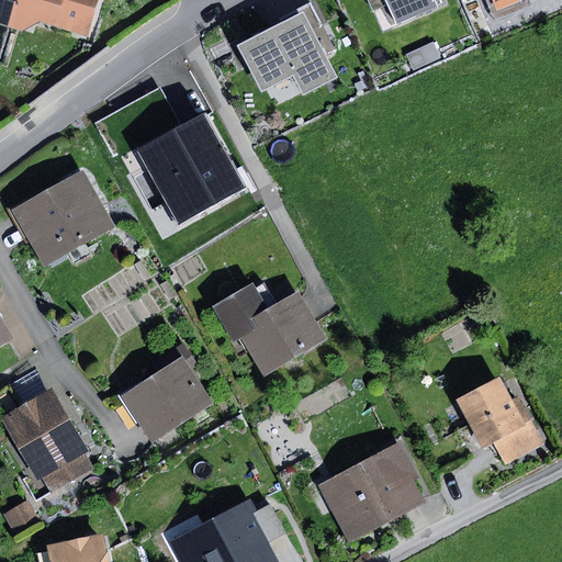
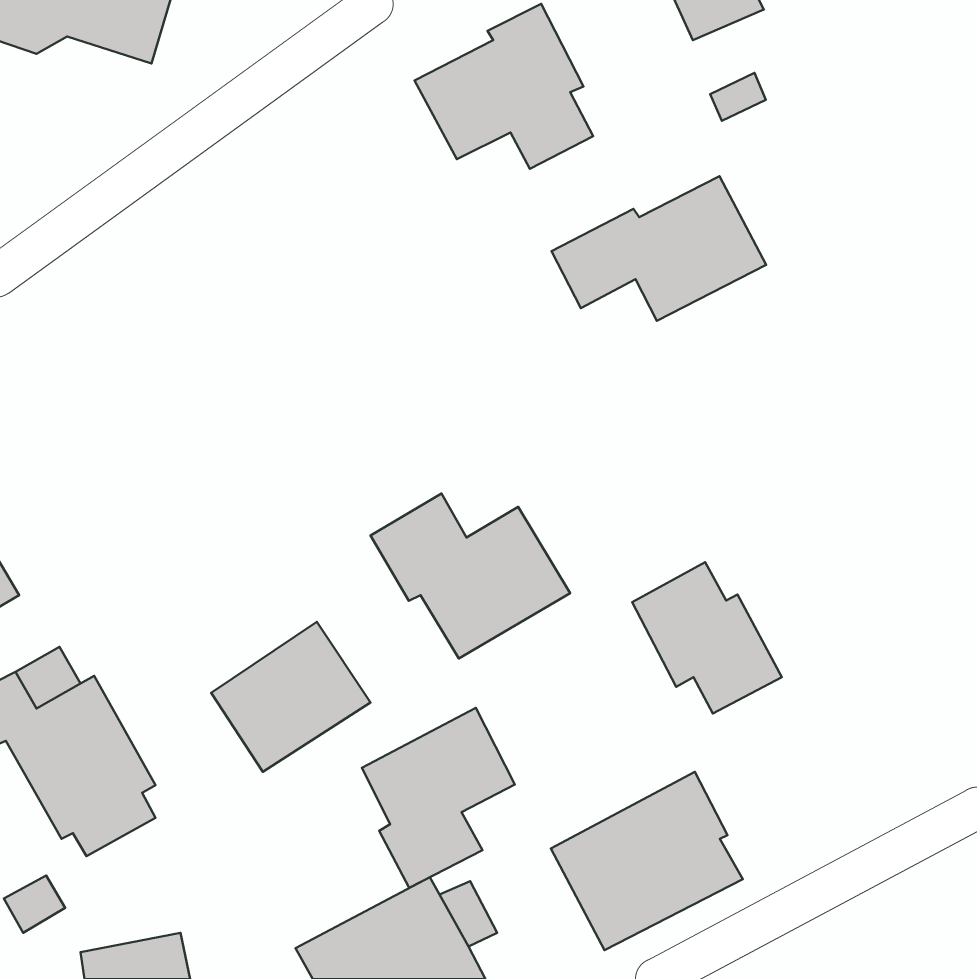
building: none -> [552,176,766,321]
building: [133,111,243,224] -> none
building: [11,170,114,267] -> none
building: [457,378,542,464] -> [632,562,782,714]
building: none -> [362,708,515,888]

